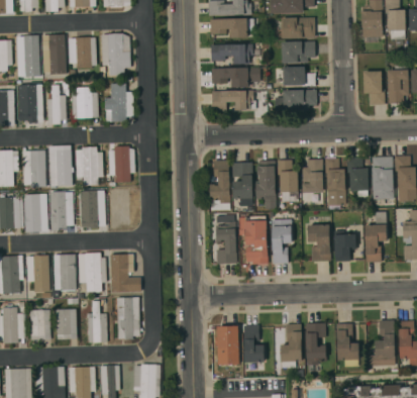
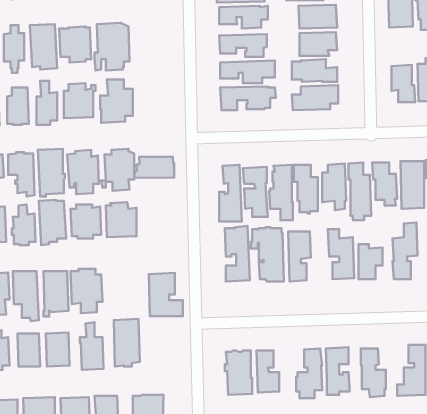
building: none -> [134,157,174,178]
building: [110,254,140,292] -> [149,273,183,316]

